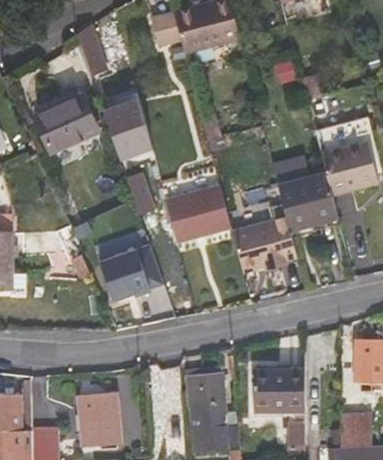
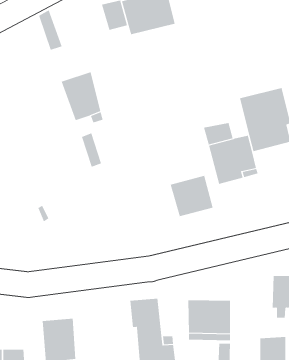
building: [34,95,98,153] -> none
building: [165,185,232,242] -> none
building: [98,243,161,299] -> none

